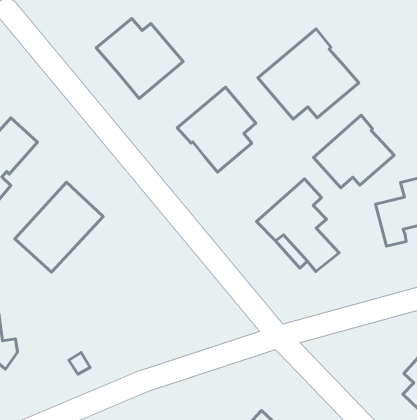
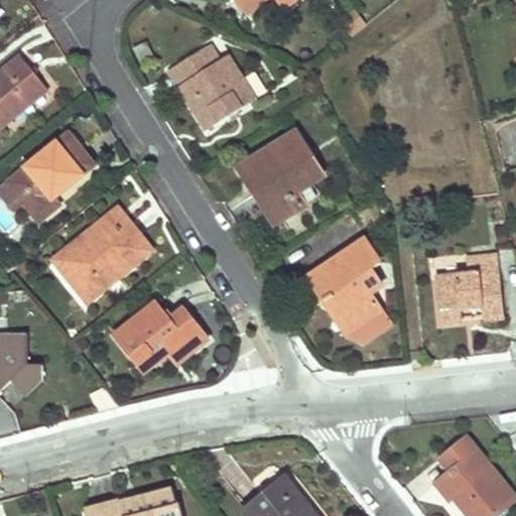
building: [258,29,359,119] -> none
building: [313,115,394,188] -> none
building: none -> [116,302,206,361]

